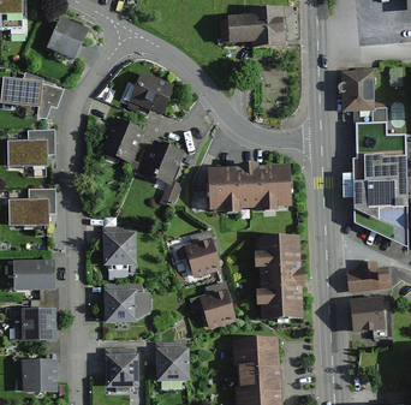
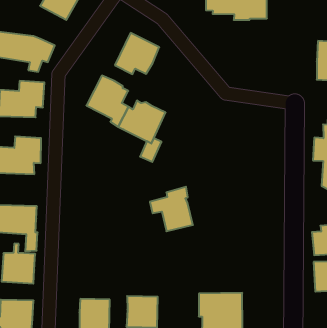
building: [207,162,292,212] -> none
building: [105,231,137,278] -> none
building: [256,233,306,318] -> none
building: [190,279,237,327] -> none
building: [105,288,151,322] -> none

